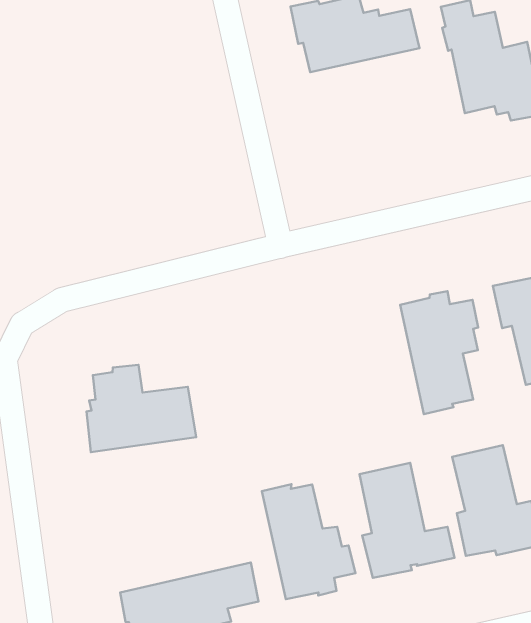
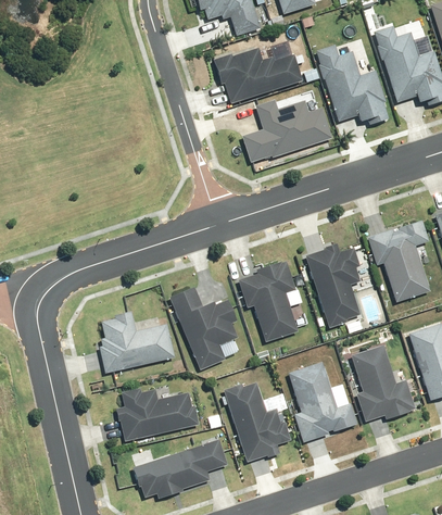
building: none -> [241,100,332,162]
building: none -> [238,261,298,342]
building: none -> [169,286,238,370]
building: none -> [115,388,199,441]

